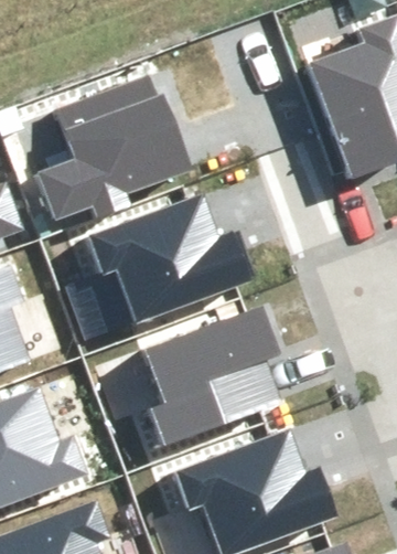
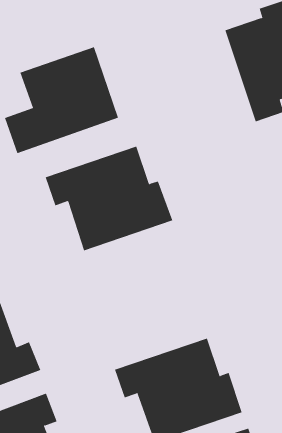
building: [144,309,275,447] -> none

